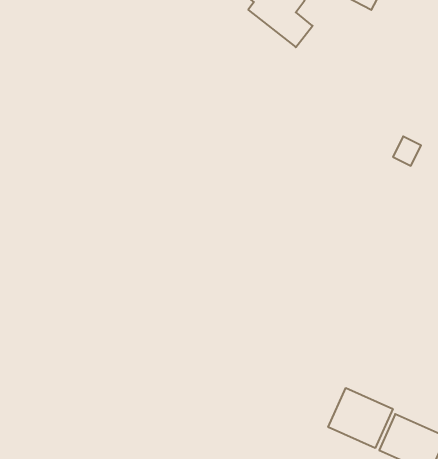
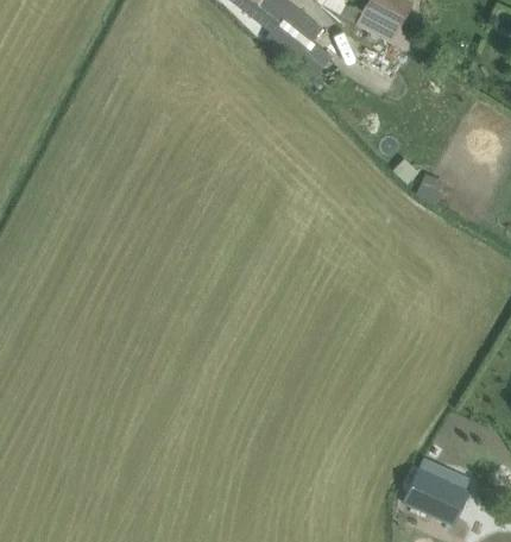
building: [328,388,393,448] -> none

